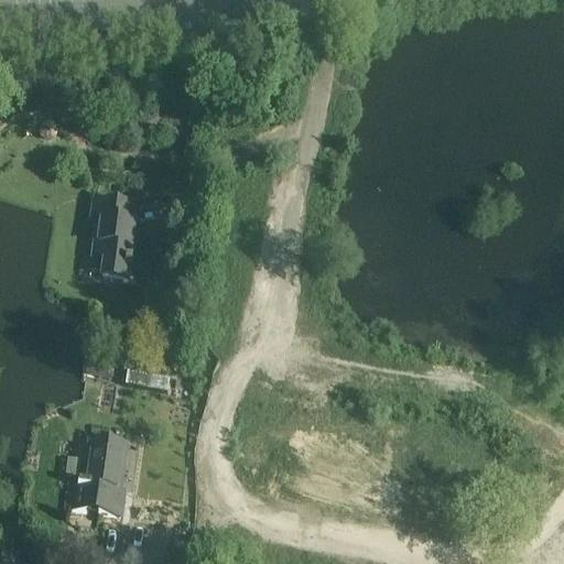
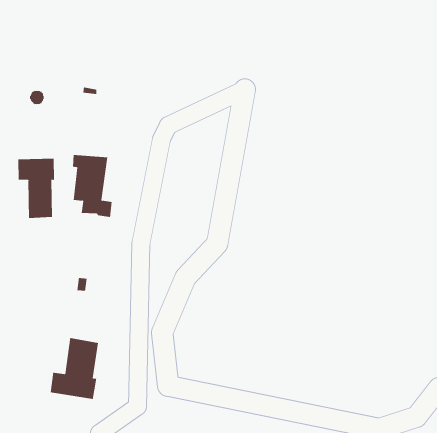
building: none -> [18,158,55,219]

